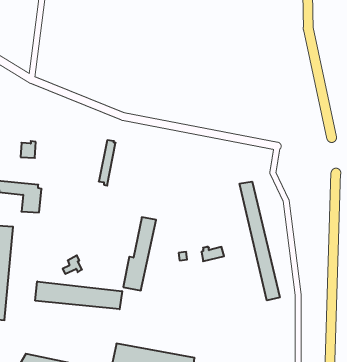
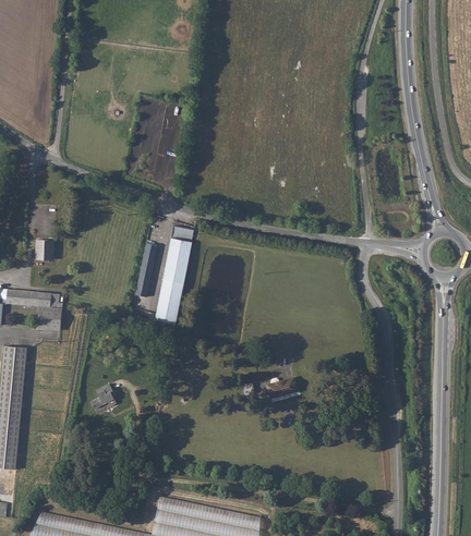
building: [240,182,280,300] -> none
building: [123,217,156,290] -> [150,231,193,326]
building: [35,281,122,309] -> none

